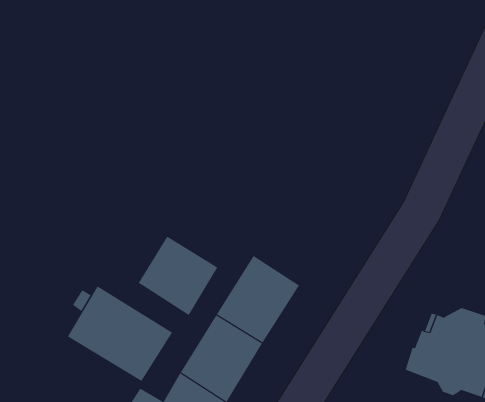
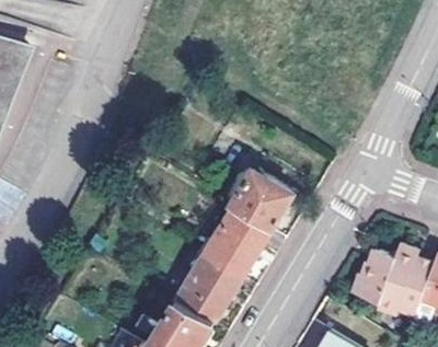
building: [138,236,218,316] -> [232,166,296,230]
building: [67,286,173,382] -> none

